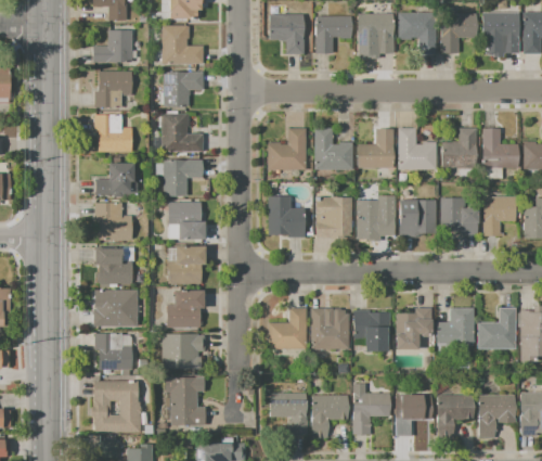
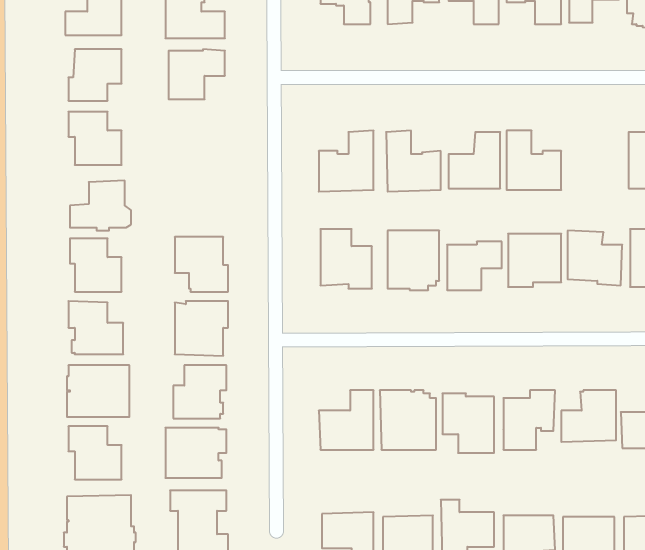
building: [162,114,203,152] -> none
building: [441,128,477,168] -> none
building: [164,159,203,196] -> none

